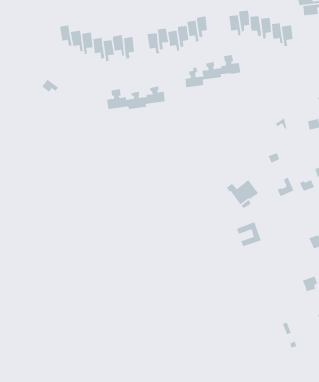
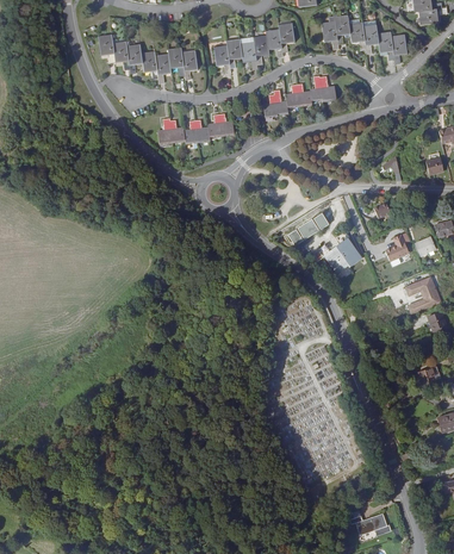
building: [236,221,262,247] -> [398,279,433,313]

